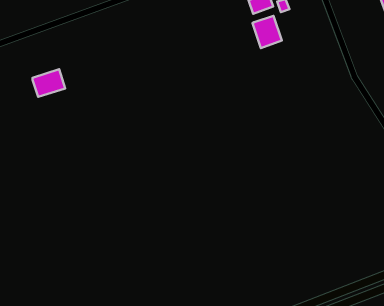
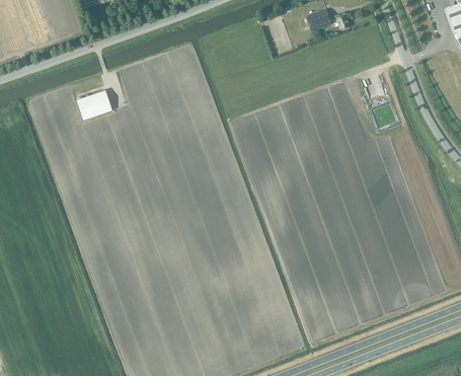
building: [252,16,282,48] -> none

